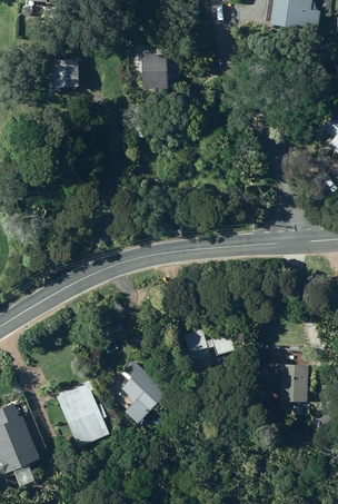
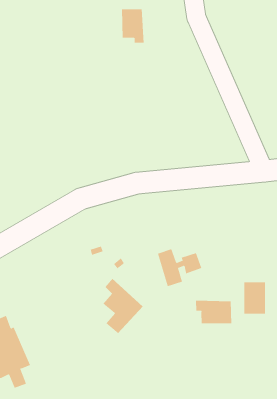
building: [53,58,80,87] -> none
building: [58,383,110,446] -> none
building: none -> [195,300,232,324]

